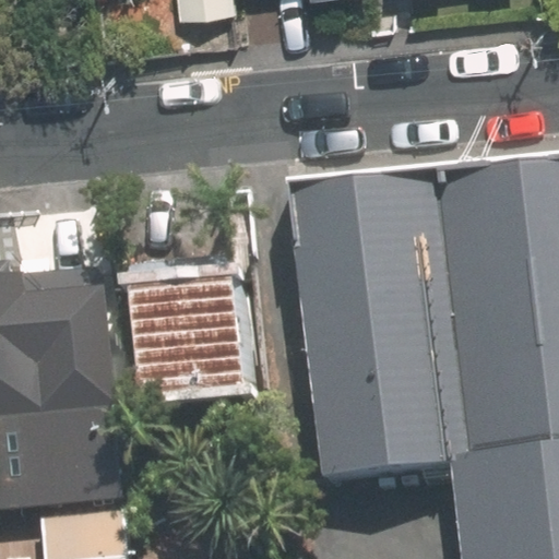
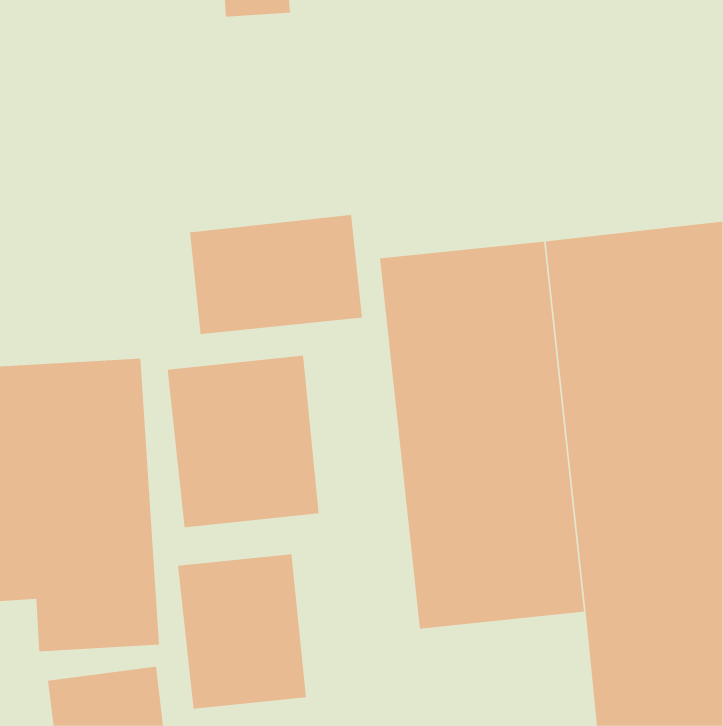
building: none -> [189,214,362,335]
building: none -> [178,553,306,710]

